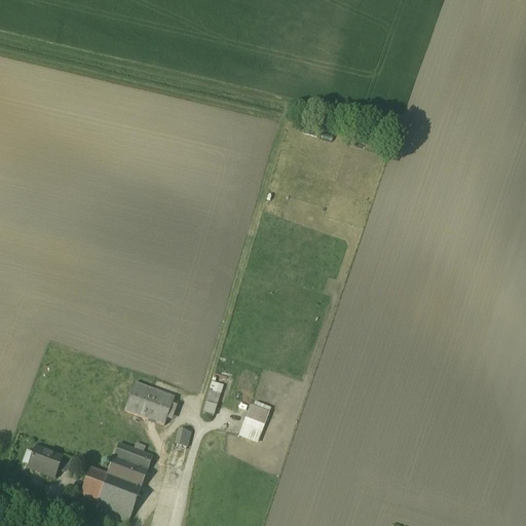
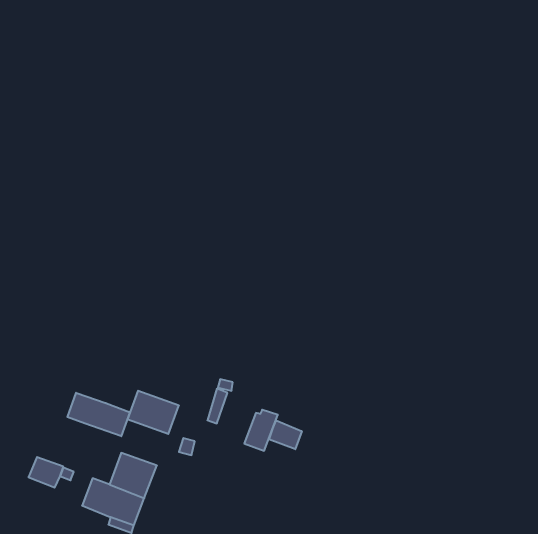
building: none -> [67,393,130,436]
building: none -> [269,421,302,449]

